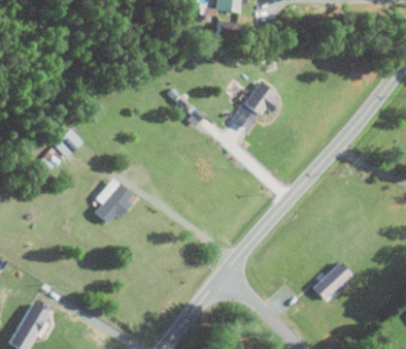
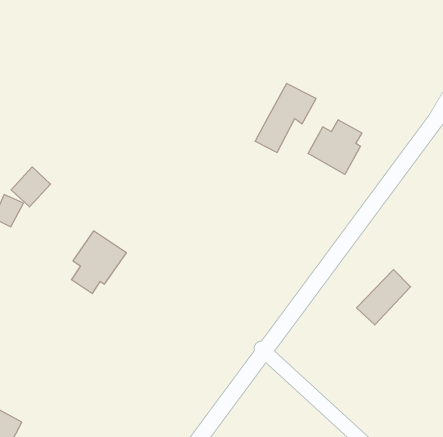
building: none -> [308,120,362,174]
building: [312,260,352,299] -> [357,270,411,325]

